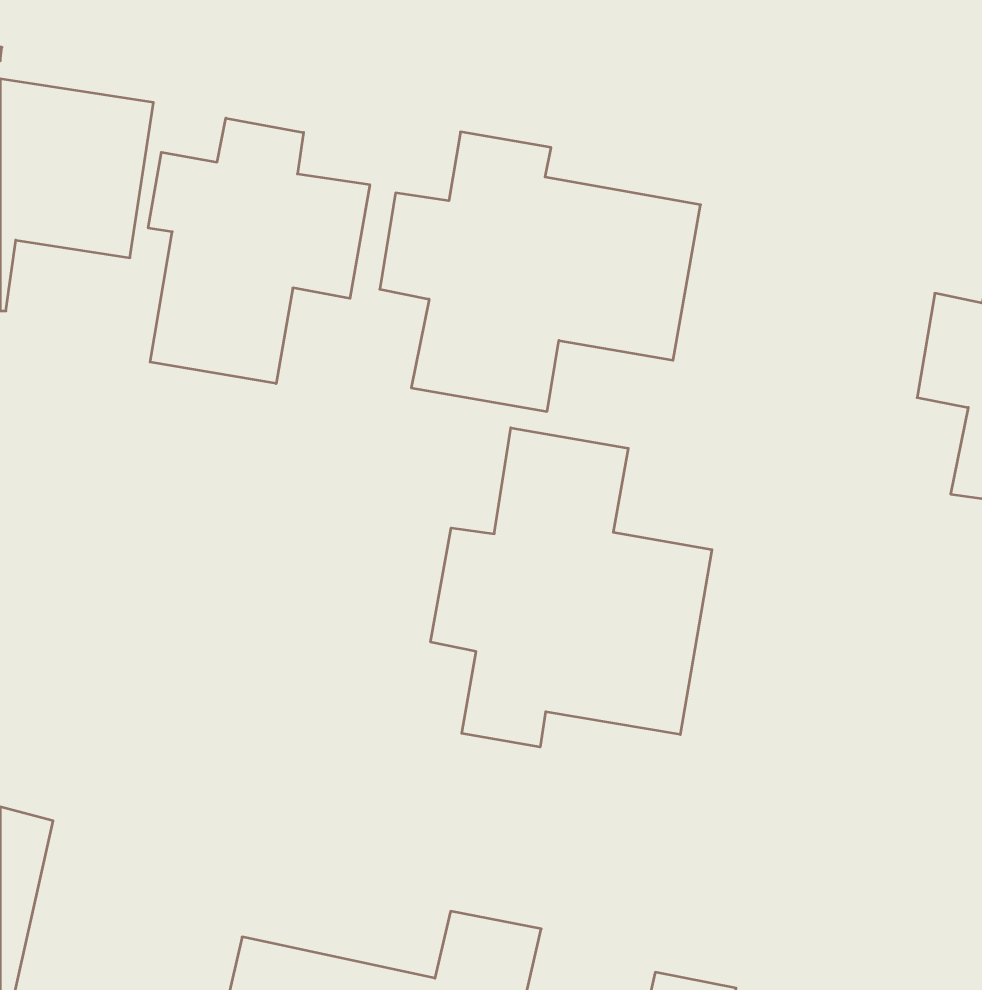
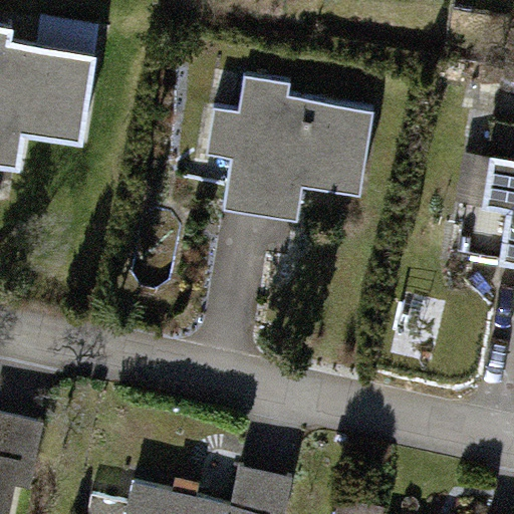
building: [148,118,370,384] -> none
building: [431,428,712,747] -> none

